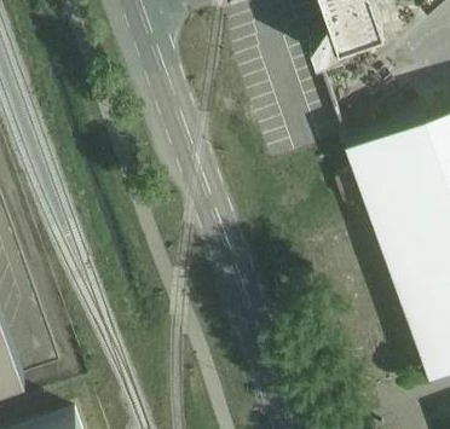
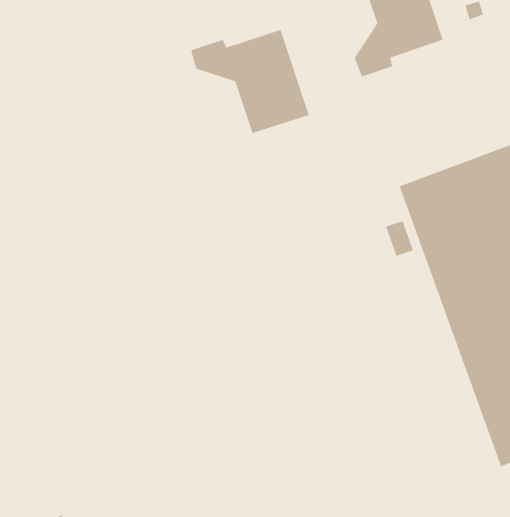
building: none -> [191,29,309,134]

